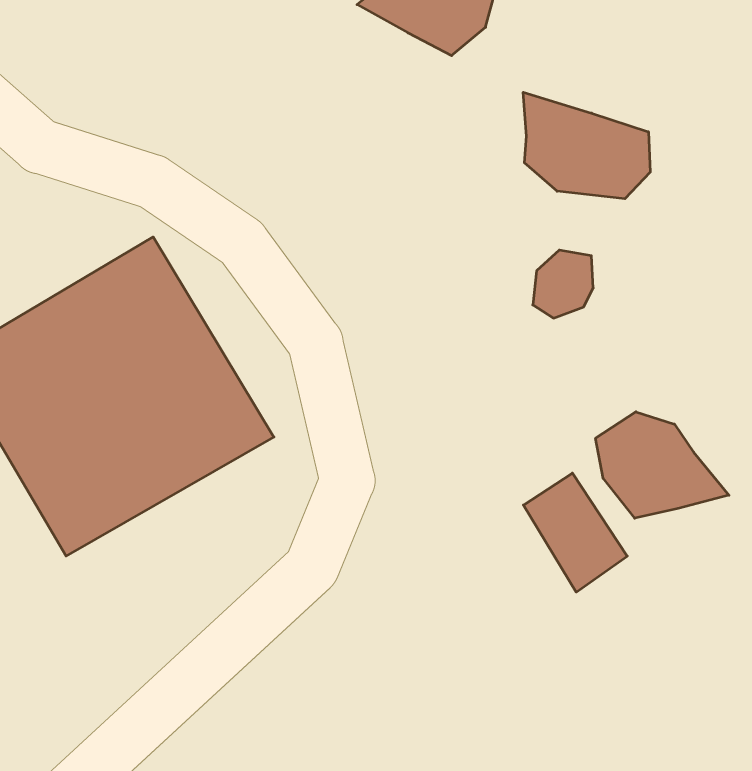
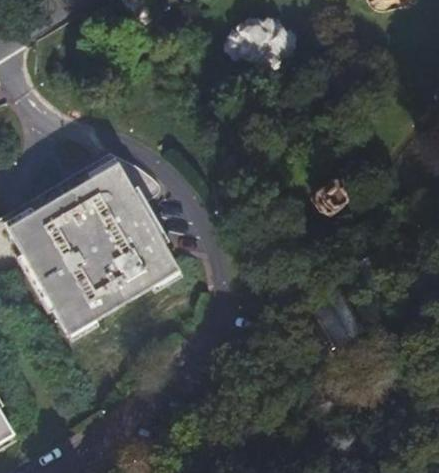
building: [523,92,650,199] -> none
building: [596,412,729,518] -> none

